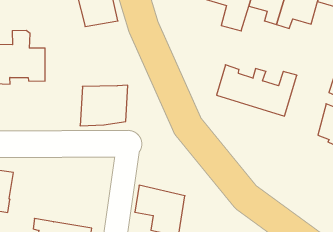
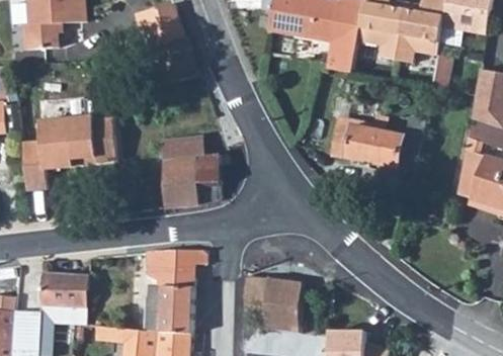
building: none -> [160,135,205,160]
building: none -> [144,249,206,333]

